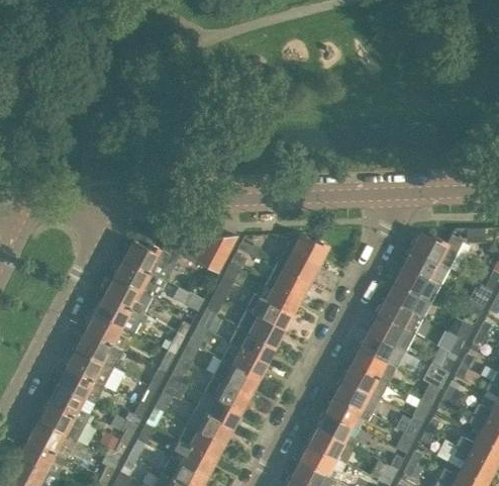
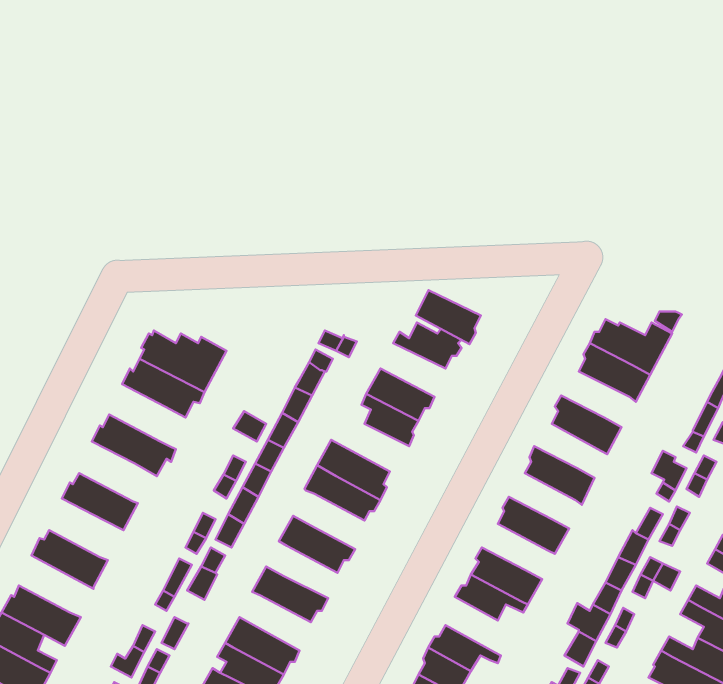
building: [195,236,237,275] -> none
building: [277,250,318,284] -> [416,290,481,344]
building: [392,268,439,303] -> none
building: [104,276,153,315] -> none
building: [245,294,295,331] -> none
building: [375,301,421,335] -> none
building: [85,312,124,351] -> none
building: [359,332,405,368] -> none
building: [221,344,267,381] -> none
building: [66,349,113,388] -> none
building: [341,365,388,400] -> none
building: [204,376,249,412] -> none
building: [46,385,94,424] -> none
building: [187,408,232,446] -> none
building: [318,411,358,449] -> none

